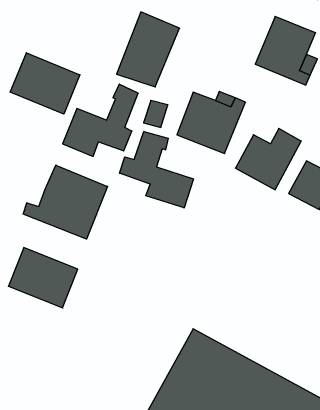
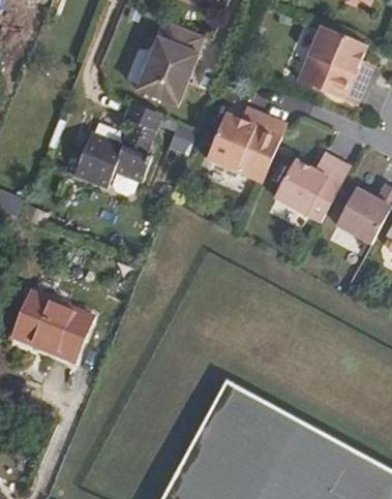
building: [10,53,80,114] -> none
building: [120,131,193,208] -> none
building: [23,165,108,239] -> none

